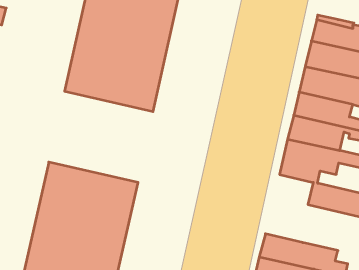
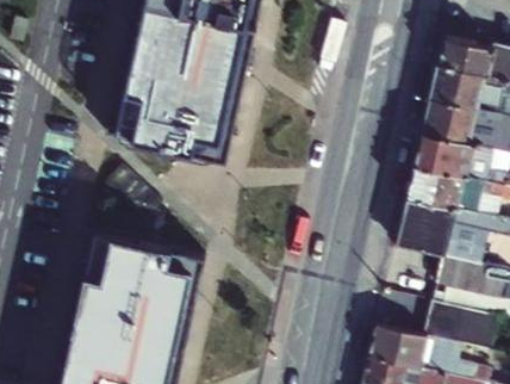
building: none -> [428,304,486,349]

